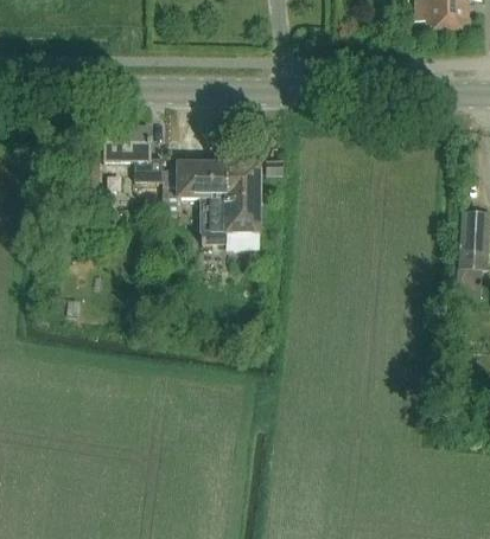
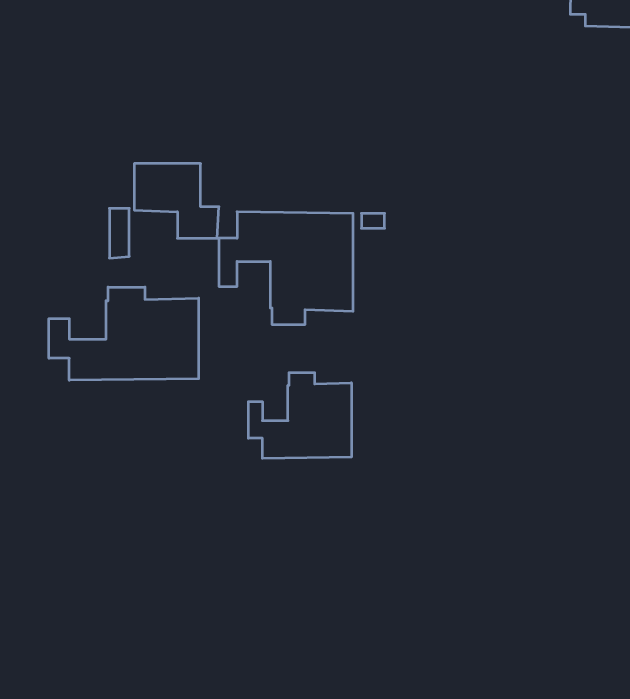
building: none -> [49,287,199,380]
building: none -> [248,373,351,458]

